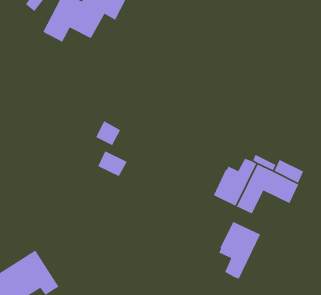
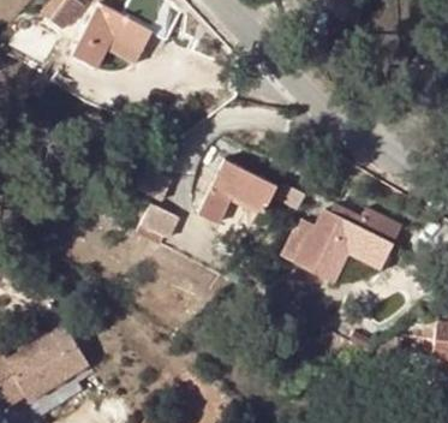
building: none -> [197,160,276,224]
building: [218,221,261,280] -> none

